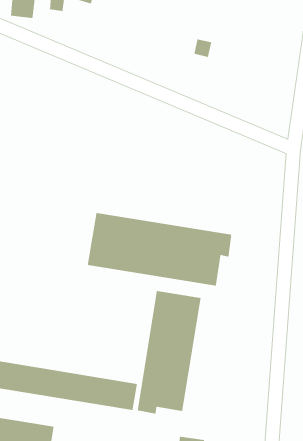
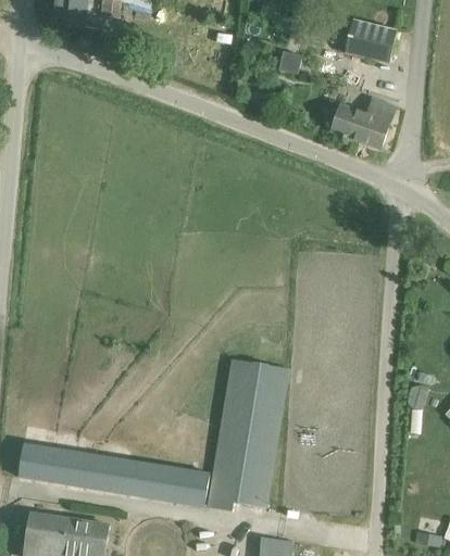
building: none -> [343,18,396,62]
building: none -> [329,98,395,148]
building: [87,212,232,286] -> none

